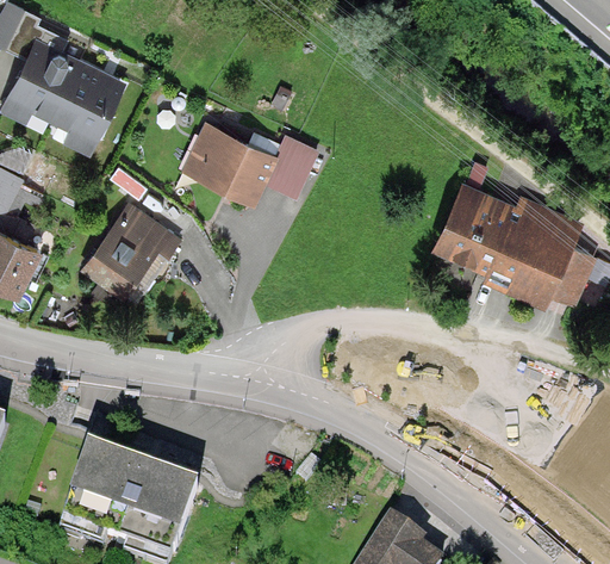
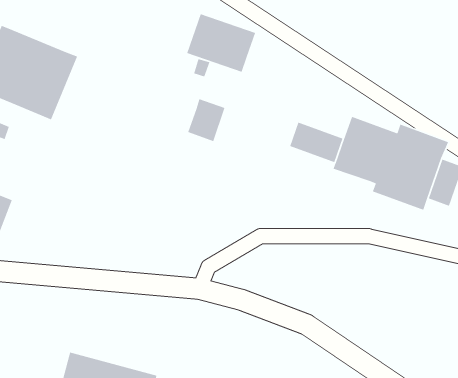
building: [182,125,272,204] -> [186,13,256,73]
building: none -> [289,122,343,163]
building: [80,207,170,296] -> none

